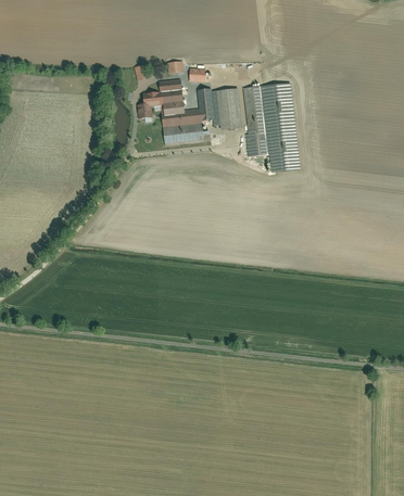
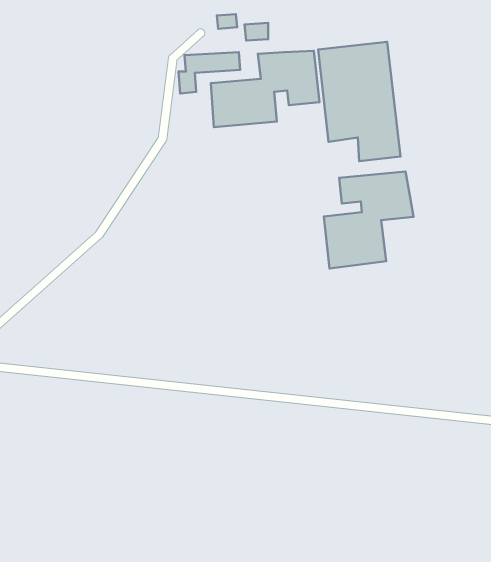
building: none -> [324,171,414,268]

